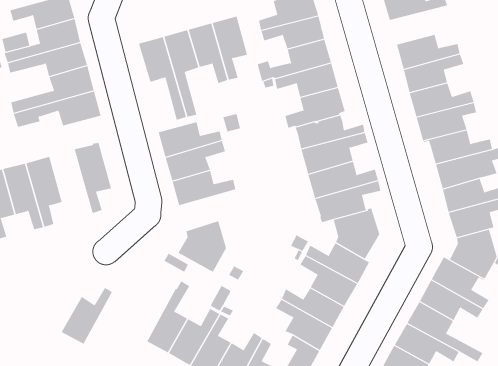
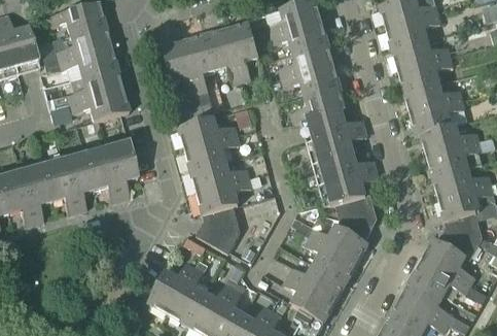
building: none -> [386,12,440,47]
building: none -> [82,141,120,201]
building: none -> [198,177,252,214]
building: [61,287,113,345] -> [148,262,194,313]

